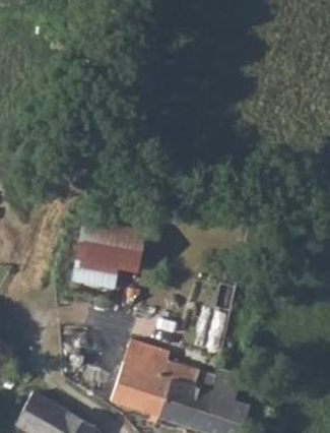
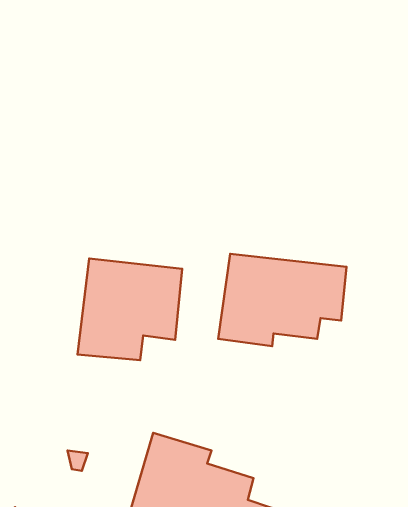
building: none -> [218,254,346,346]

